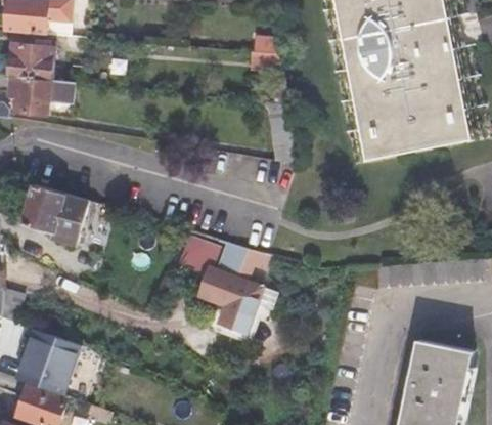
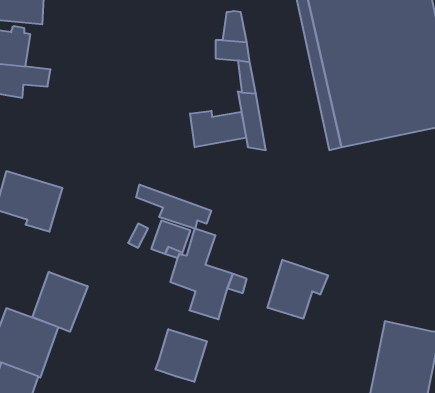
building: none -> [190,111,246,147]
building: none -> [136,185,211,229]
building: none -> [268,260,328,319]
building: none -> [33,272,88,332]
building: none -> [156,329,207,382]

